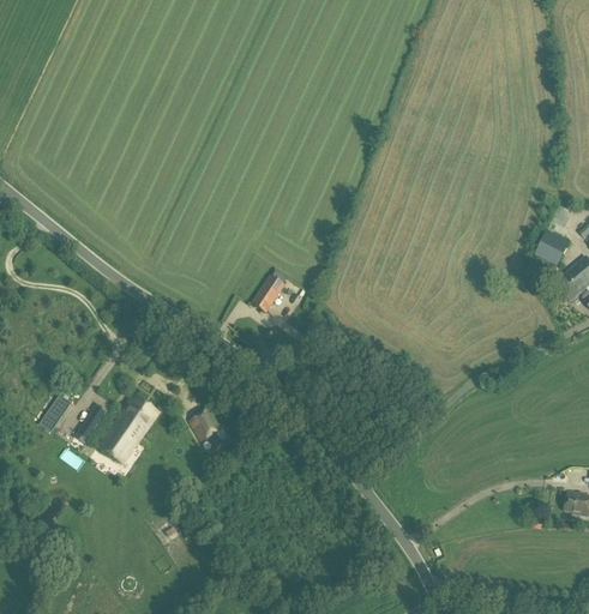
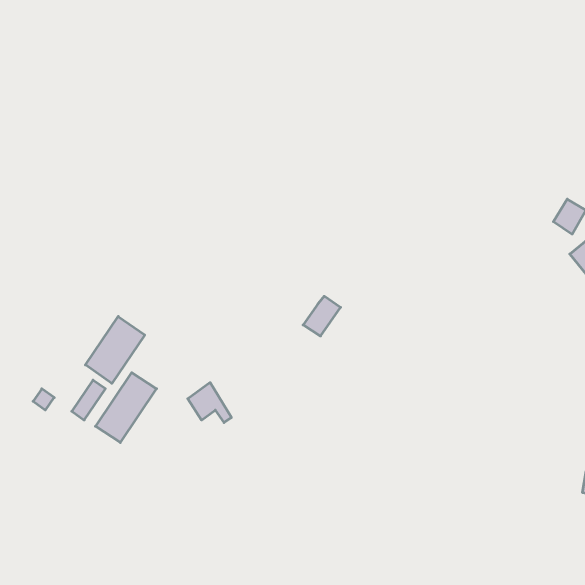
building: [250,275,286,313] -> [303,296,341,336]
building: none -> [85,316,145,383]

